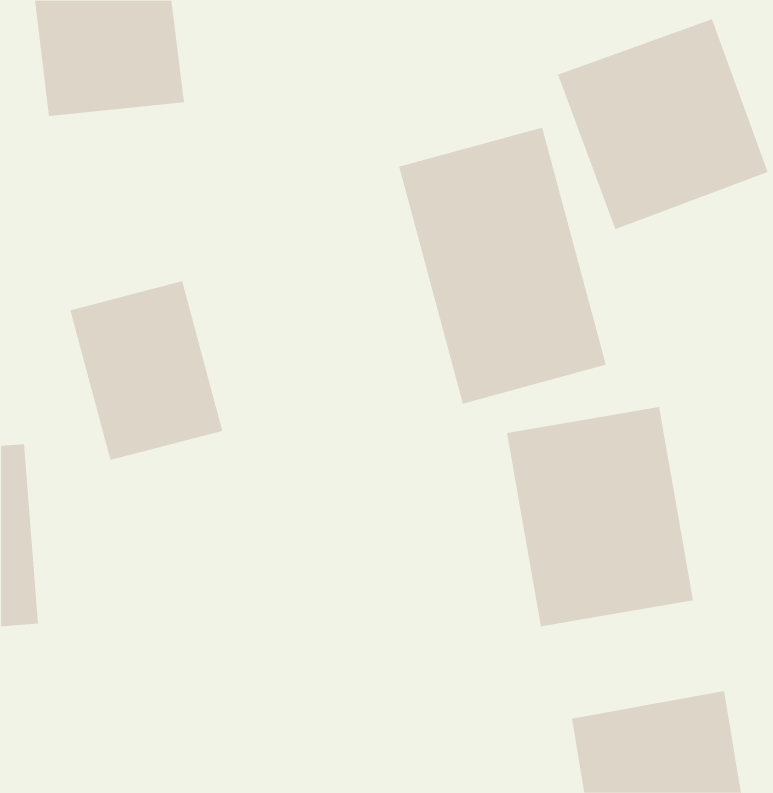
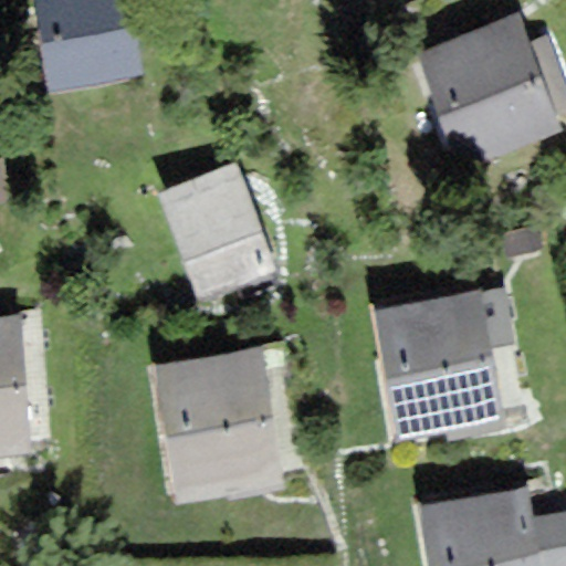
building: [399,127,606,405] -> none
building: [70,281,223,461] -> [164,167,273,295]
building: none -> [155,353,281,494]

